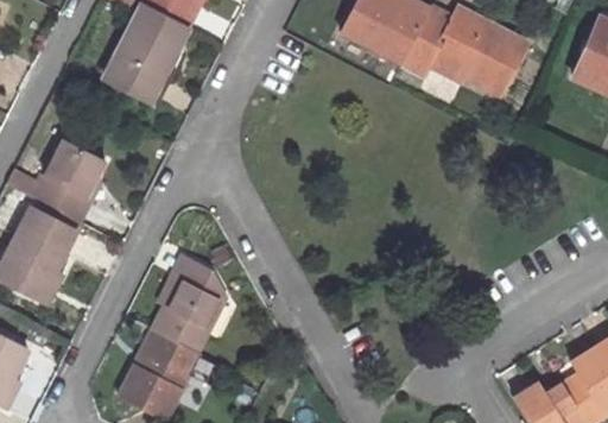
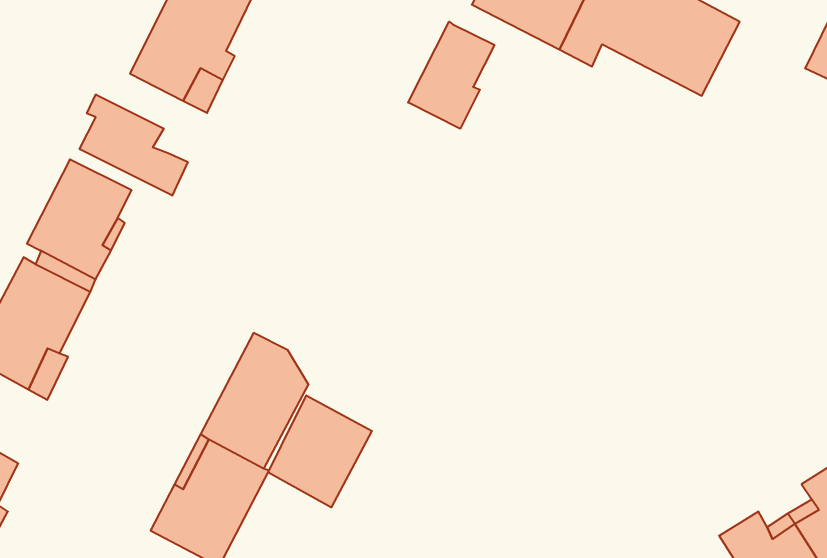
building: none -> [408,22,494,129]
building: none -> [80,94,188,196]
building: none -> [268,395,372,507]

